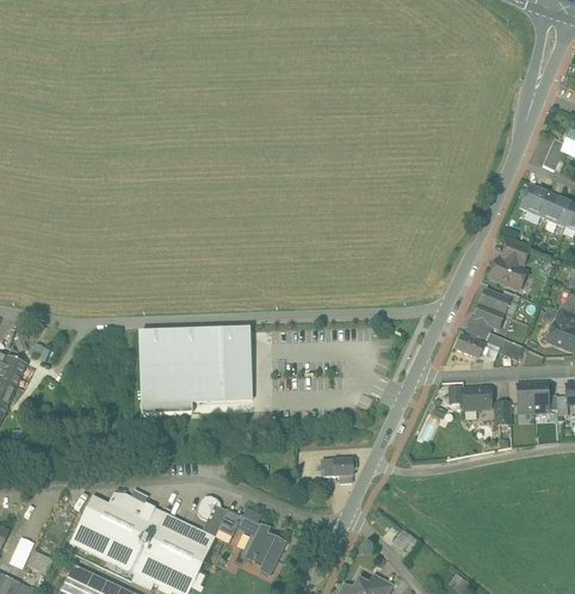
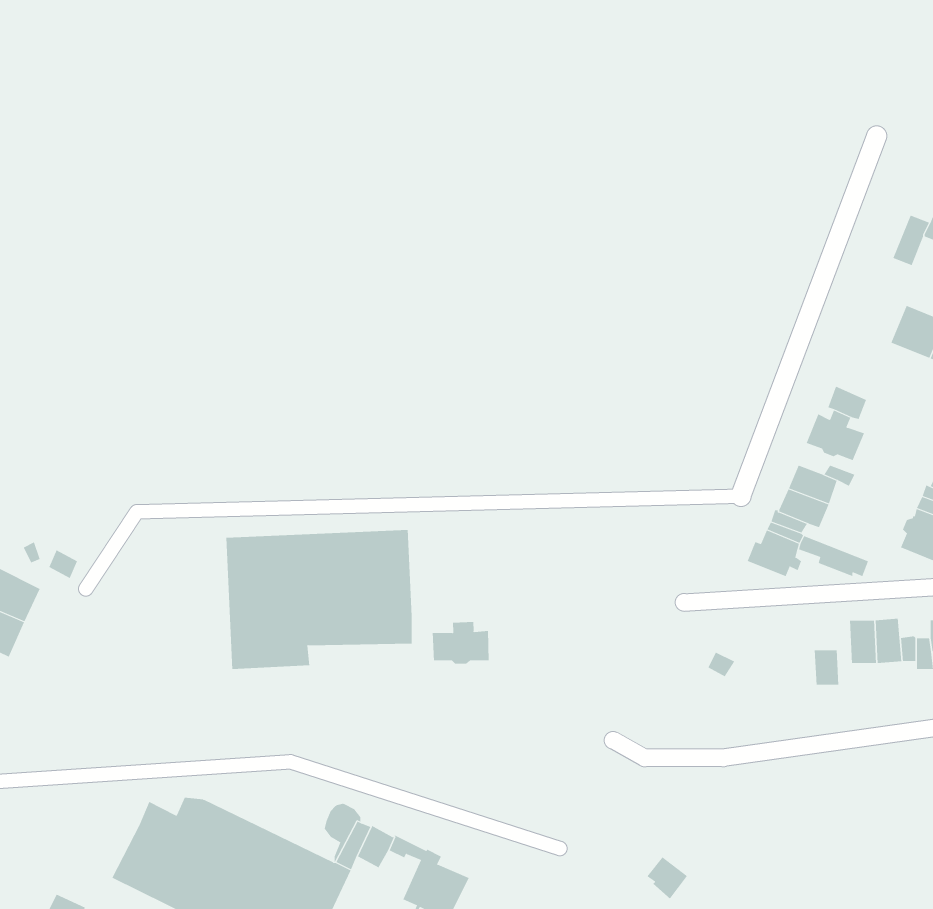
building: [520,184,551,216] -> none
building: none -> [432,621,489,664]
building: [464,386,490,419] -> none
building: [321,458,357,482] -> none

